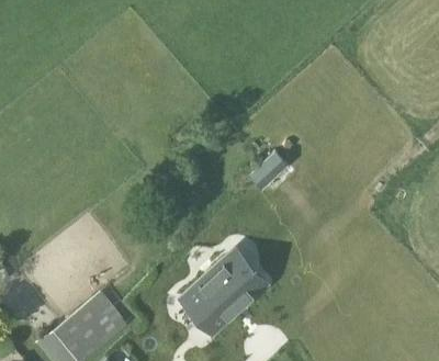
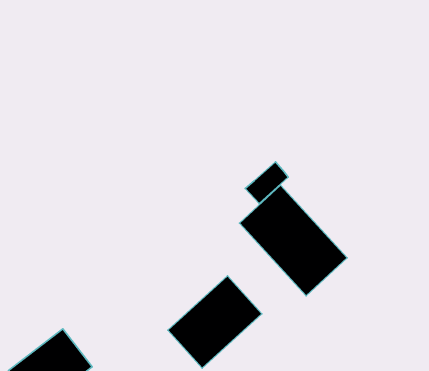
building: none -> [240,185,347,296]

